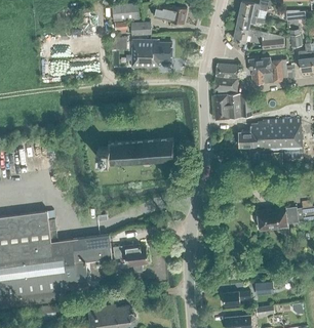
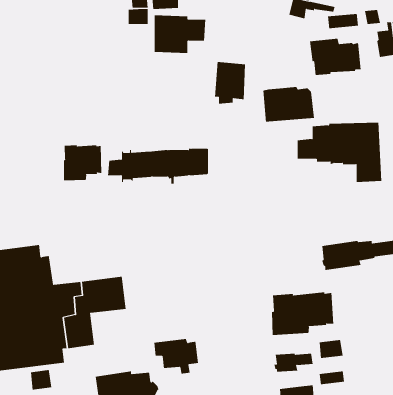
building: [214,63,238,94] -> [214,61,246,104]
building: none -> [64,144,102,181]
building: [114,244,148,271] -> [154,338,199,374]
building: none -> [272,292,334,336]

